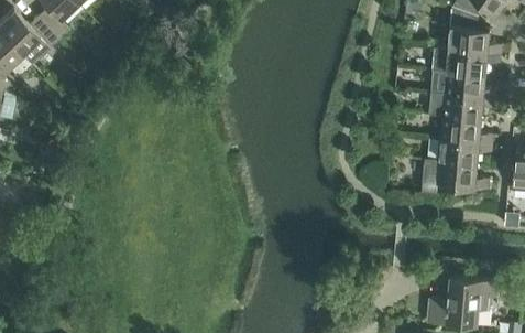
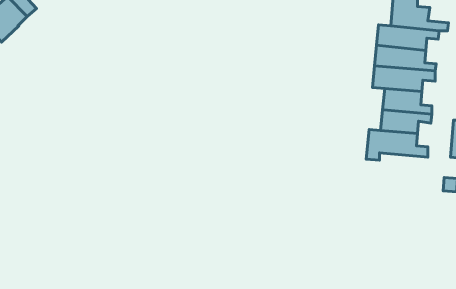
building: [428,278,500,325] -> none

